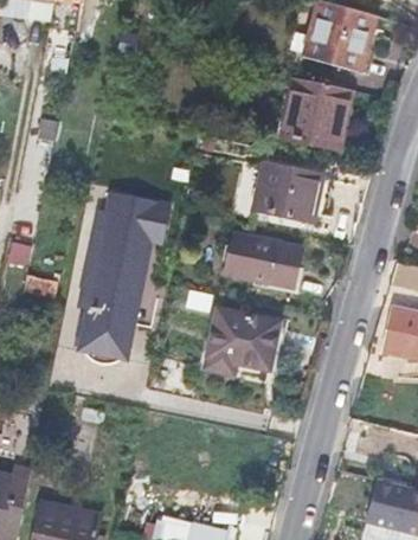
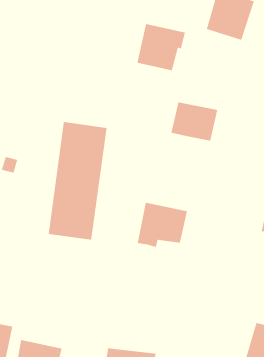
building: [283,78,354,148] -> [137,23,186,71]
building: [224,234,301,287] -> none

